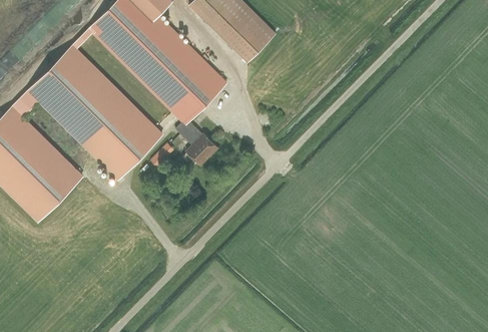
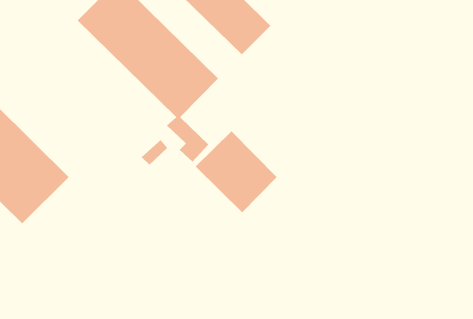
building: [27,45,163,182] -> none
building: none -> [195,130,278,213]

